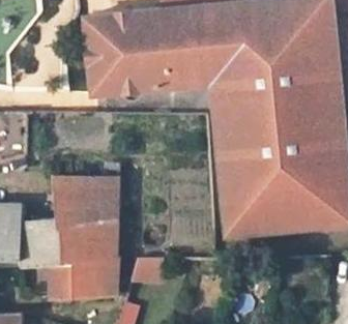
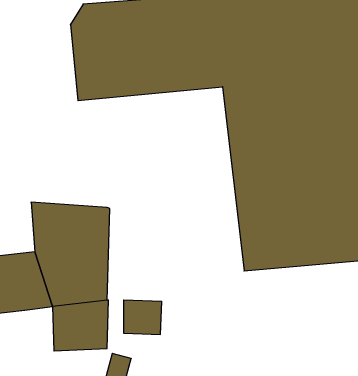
building: [48,262,71,299] -> none

